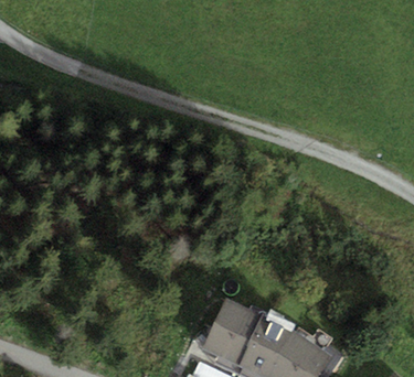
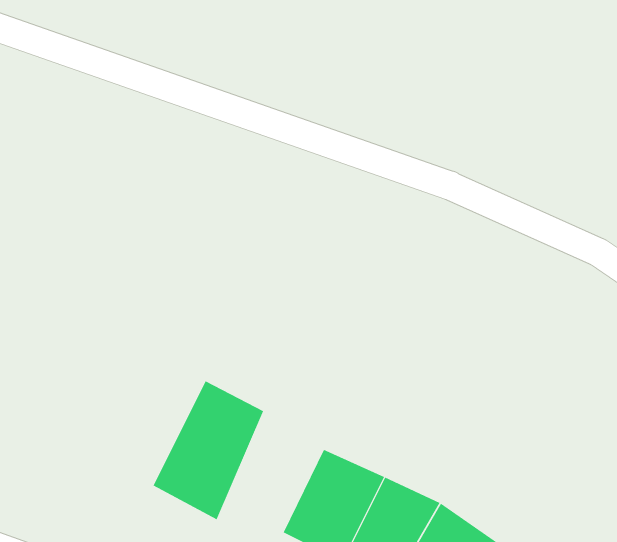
building: none -> [153,380,264,520]

